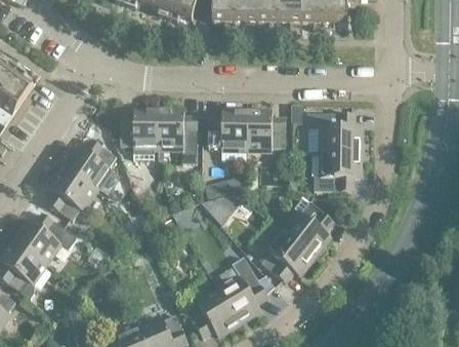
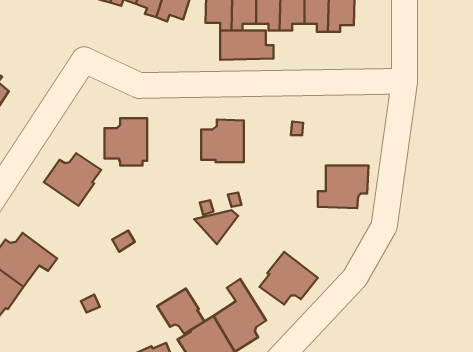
building: none -> [220,31,274,60]
building: [158,109,197,163] -> none
building: [246,111,285,149] -> none
building: [306,113,360,152] -> none
building: [49,167,95,220] -> none
building: [283,201,330,255] -> none
building: none -> [157,289,205,334]

